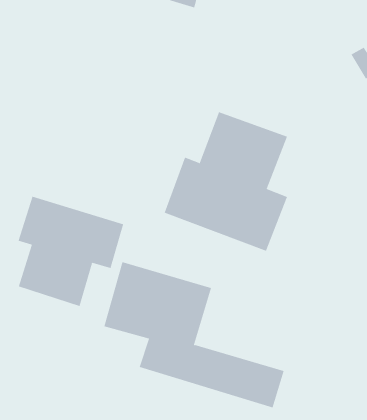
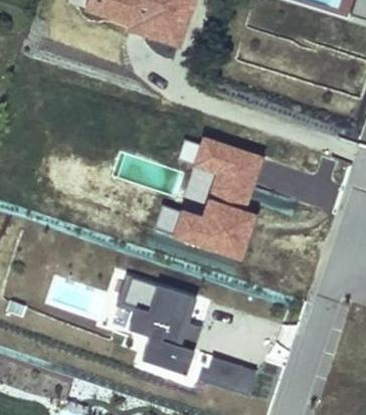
building: [18,196,124,307] -> none

